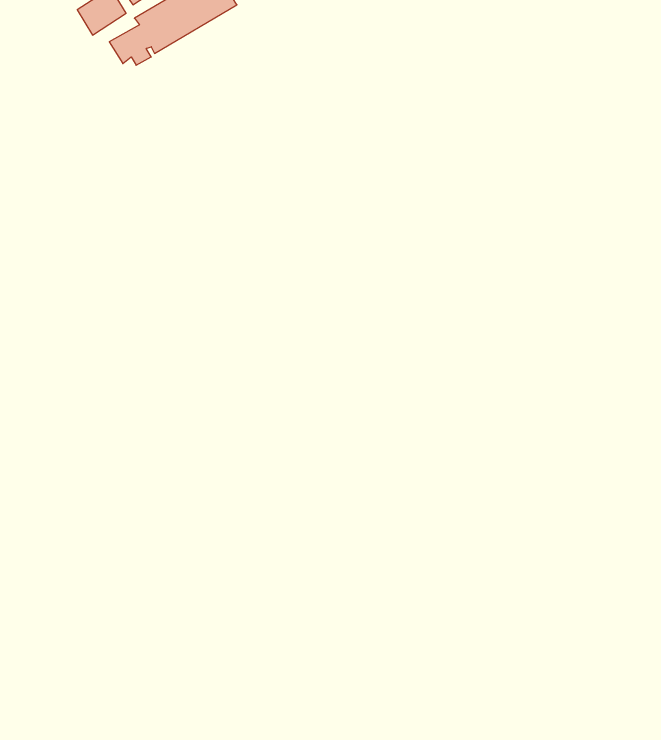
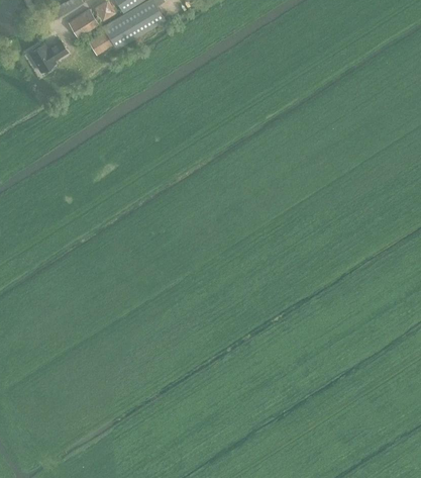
building: none -> [26,36,67,70]

